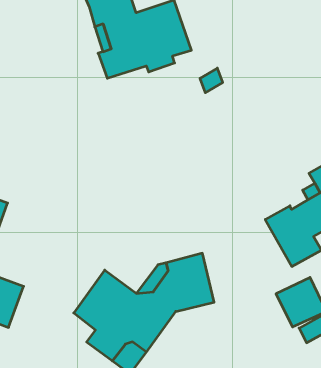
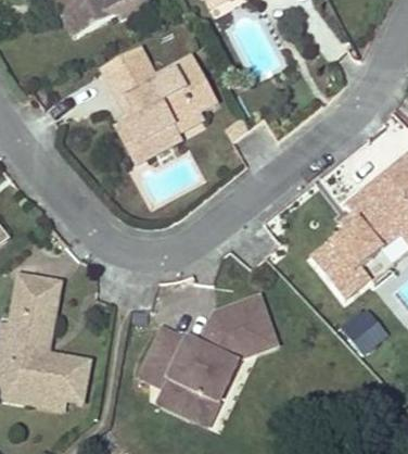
building: none -> [115,119,180,161]

